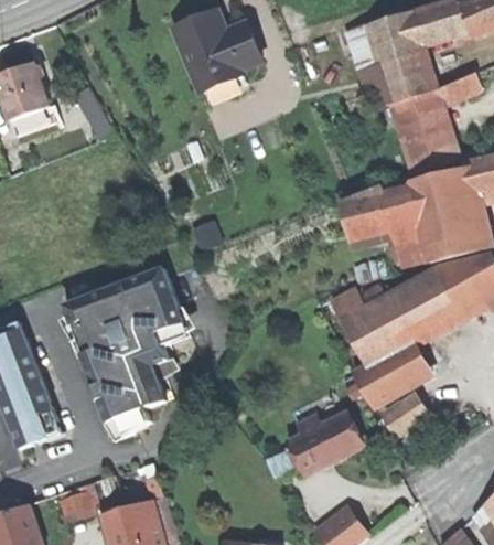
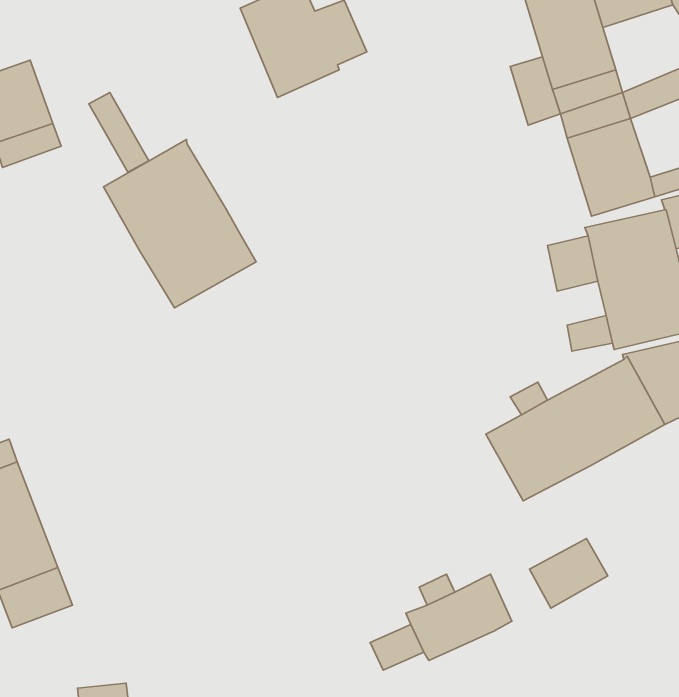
building: none -> [104,139,256,308]
building: [341,184,390,232] -> none
building: [65,268,187,442] -> none
building: [353,340,432,406] -> none

